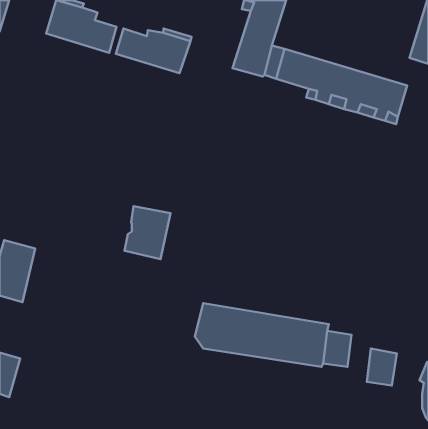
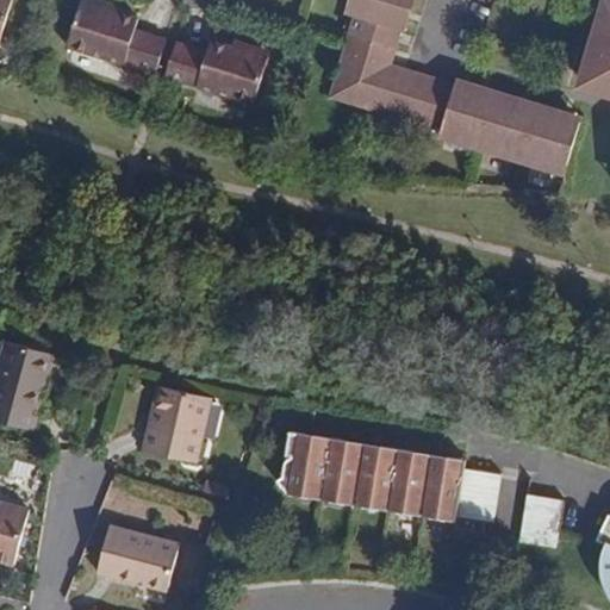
building: [124,206,171,259] -> [145,387,211,462]
building: none -> [91,525,175,597]

